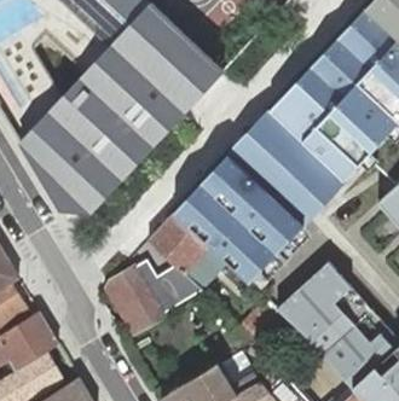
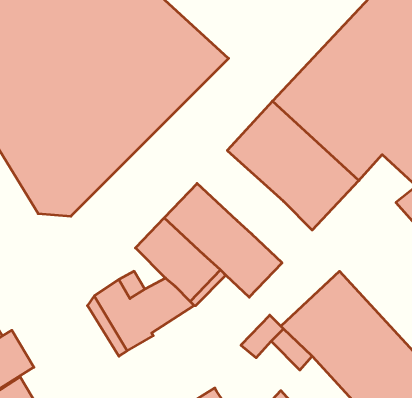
building: [202,155,303,254] -> none

